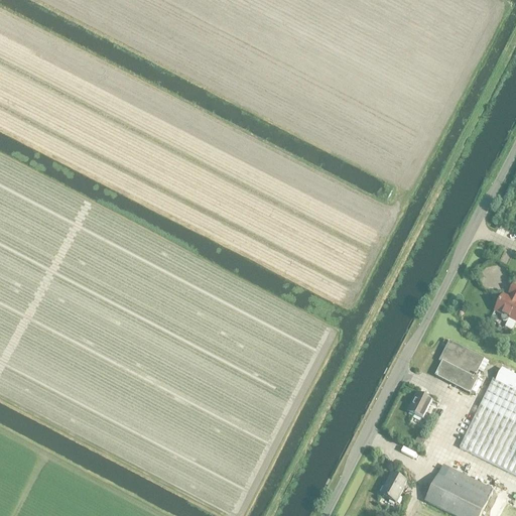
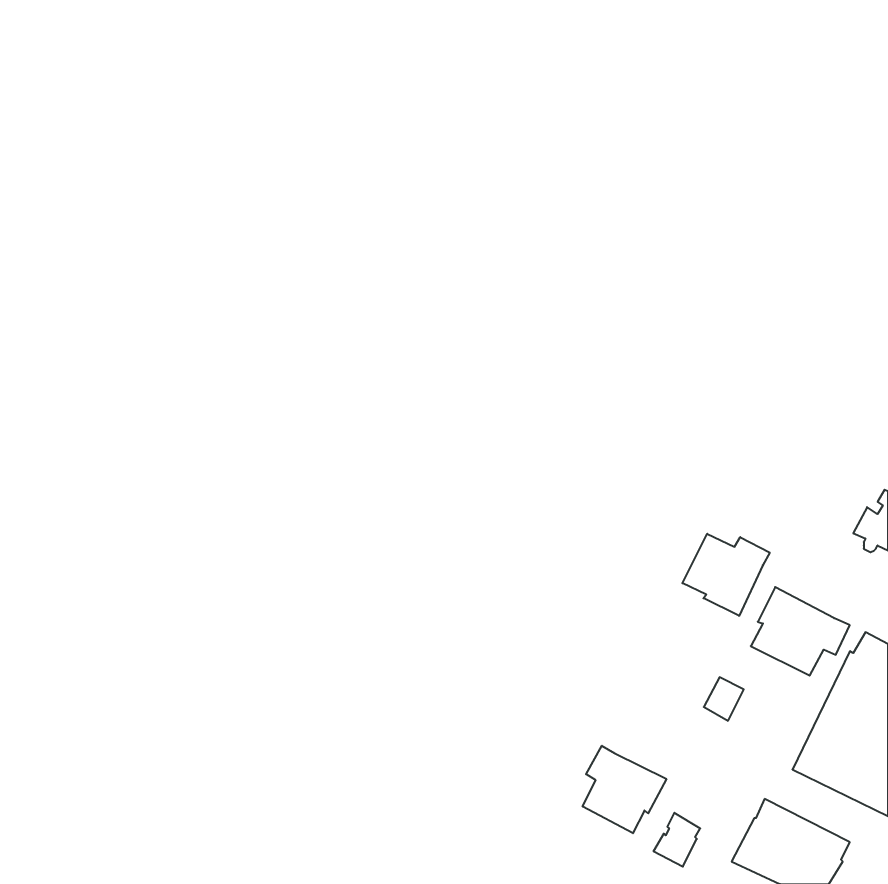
building: none -> [682,534,770,616]
building: none -> [583,746,666,833]

